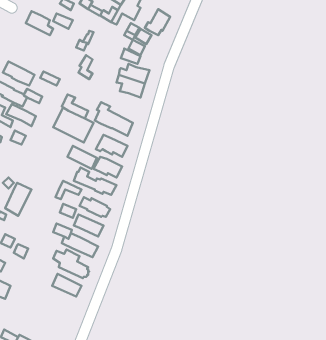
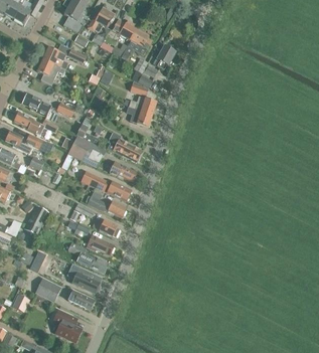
building: none -> [36,58,64,85]
building: none -> [34,276,59,302]
building: none -> [52,310,81,342]

